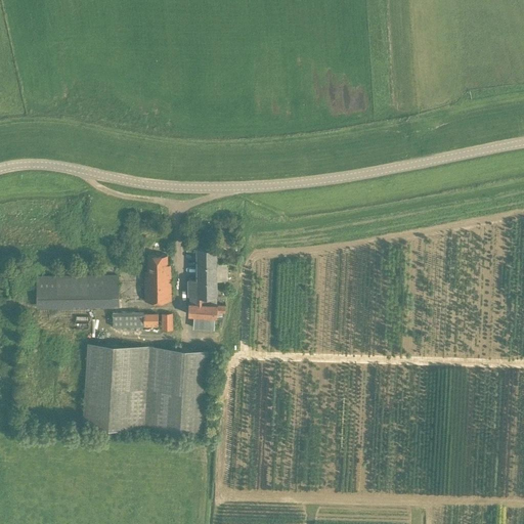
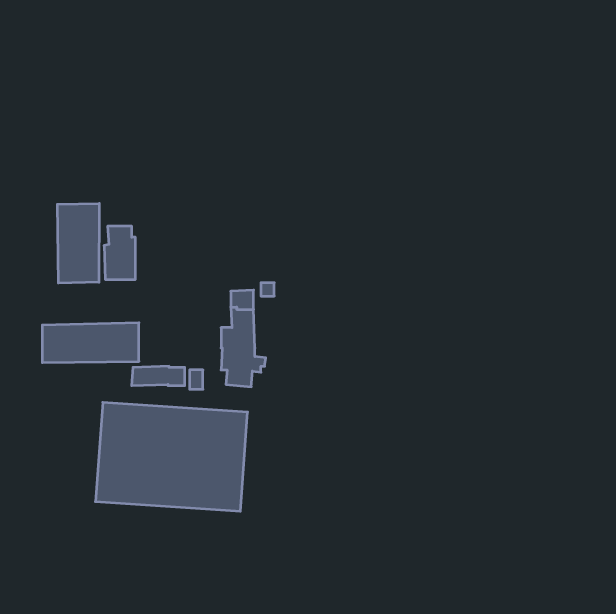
building: none -> [57,203,99,283]
building: [143,258,170,303] -> [104,226,135,279]

